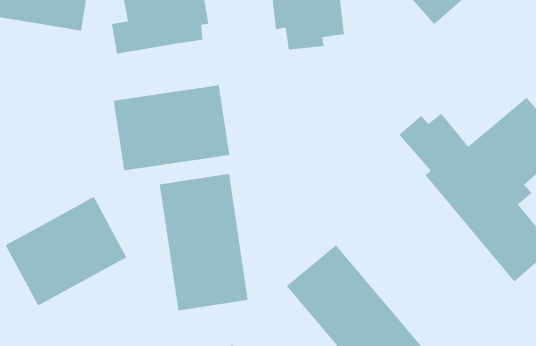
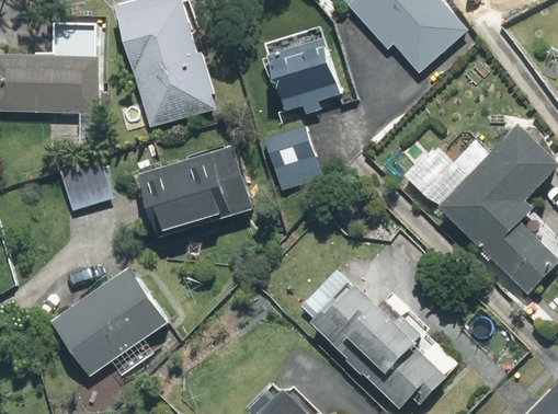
building: none -> [263,125,318,191]
building: none -> [59,156,113,212]
building: [159,173,248,311] -> none

